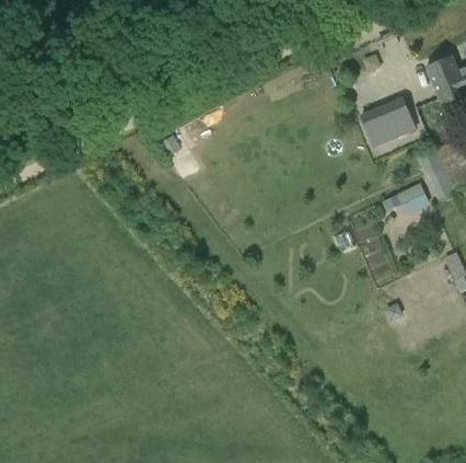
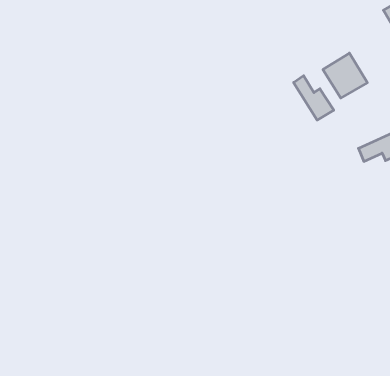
building: none -> [294,76,334,120]

